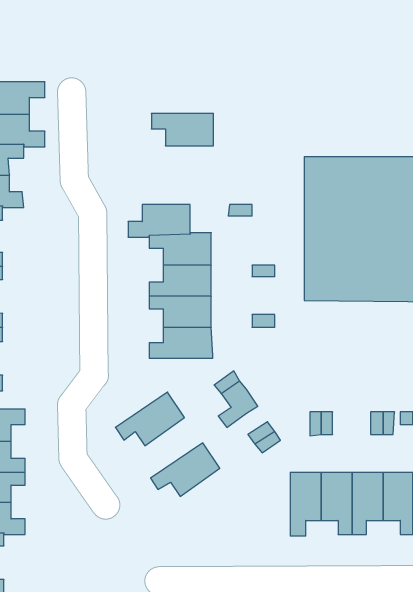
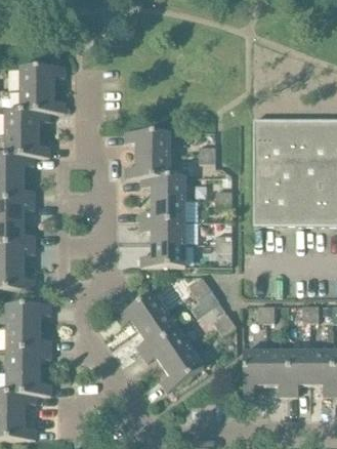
building: [151,113,213,146] -> [125,131,170,155]
building: none -> [135,310,179,354]
building: none -> [161,346,205,392]

